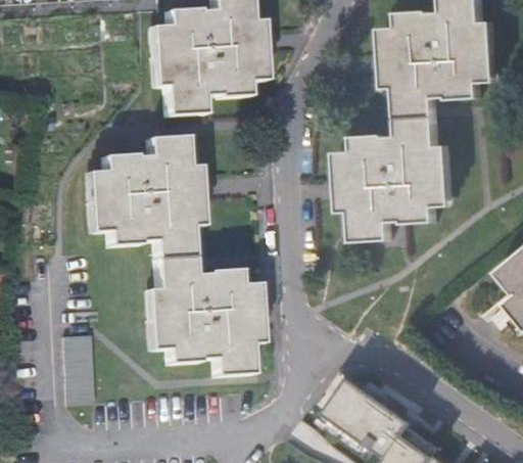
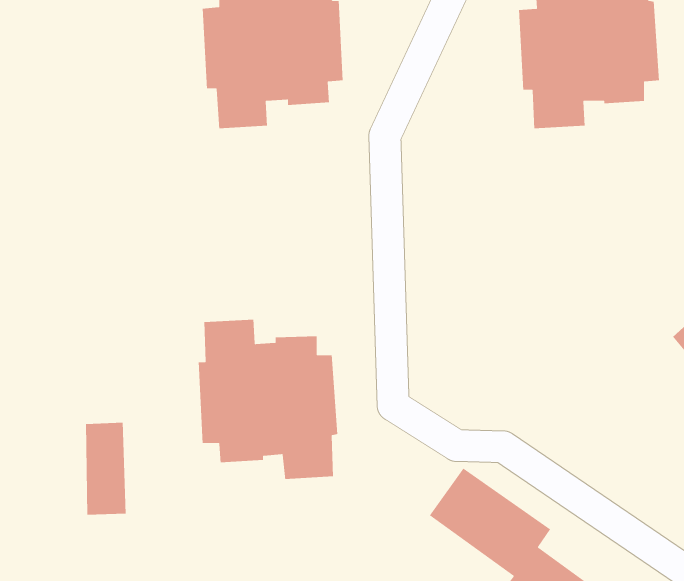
building: [343,113,447,240] -> none
building: [89,135,194,259] -> none

